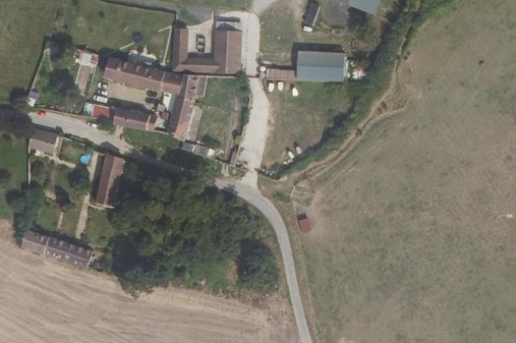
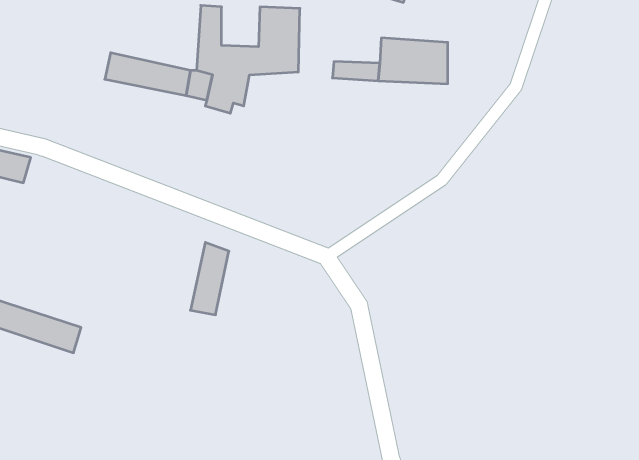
building: [167,97,193,148] -> none
building: [97,108,152,134] -> none
building: [94,153,120,203] -> [190,242,229,315]

